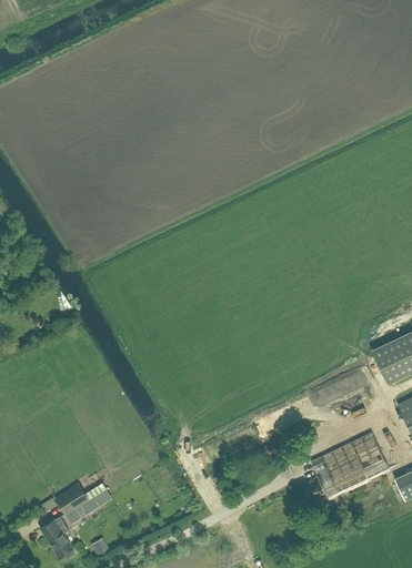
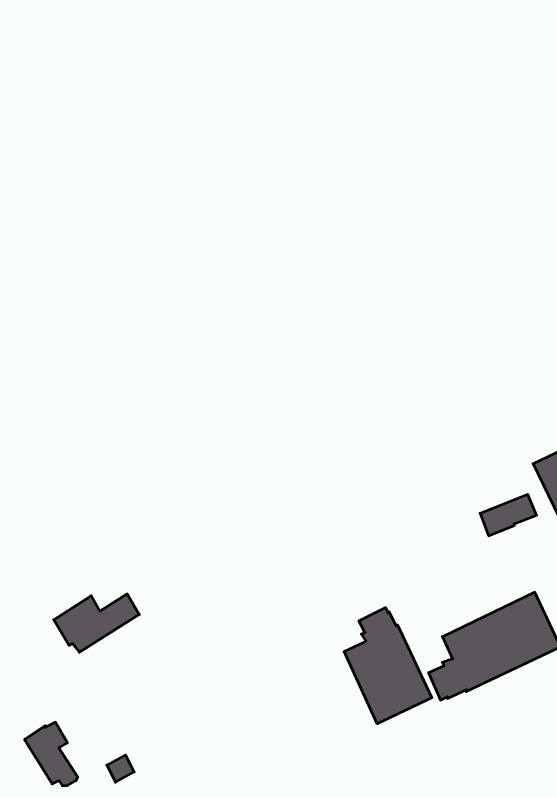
building: none -> [344,608,432,724]
building: [54,484,110,521] -> [54,594,139,652]

